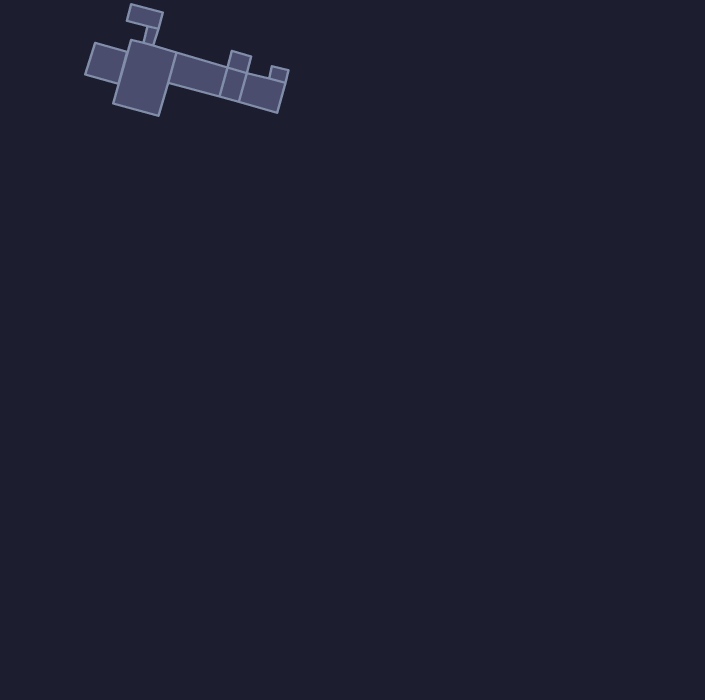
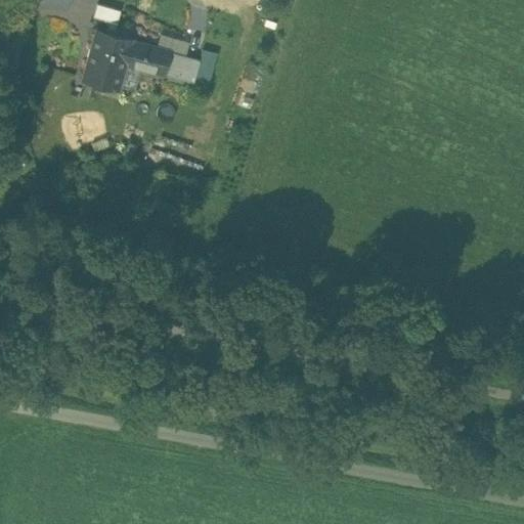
building: [85,43,127,84] -> none

